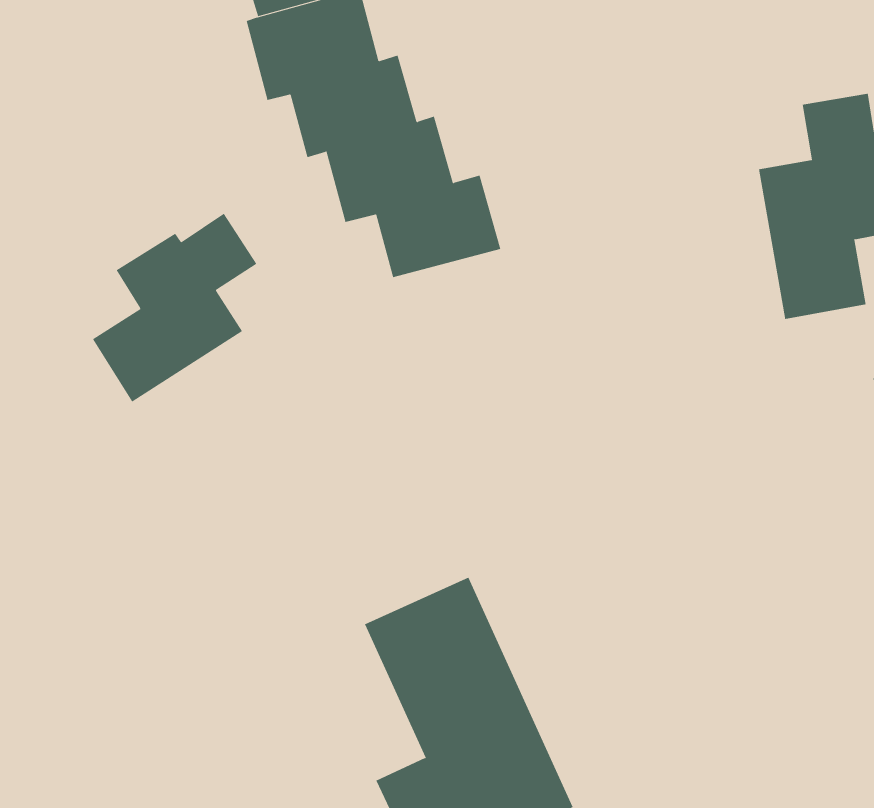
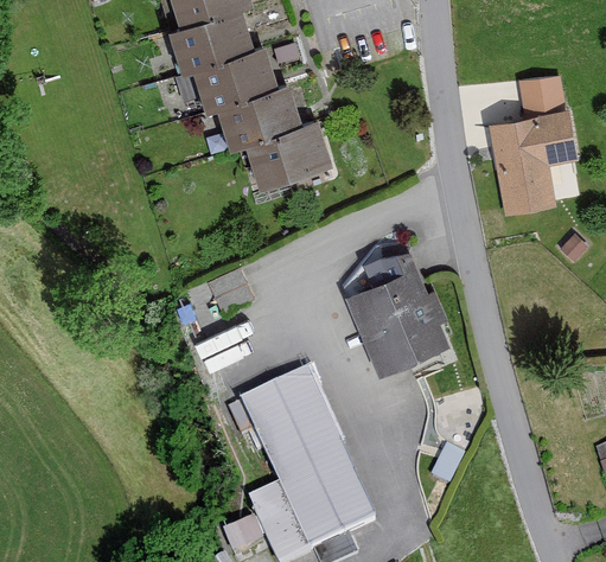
building: [92,213,257,403] -> none
building: none -> [346,251,448,376]

